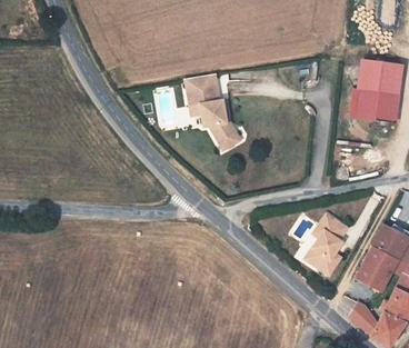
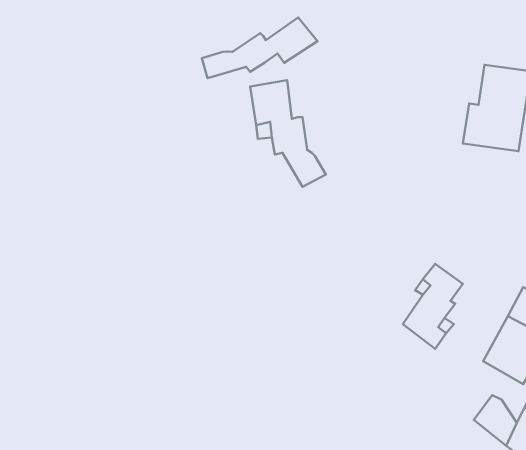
building: none -> [202,17,317,78]

